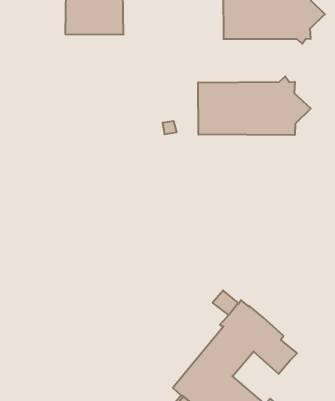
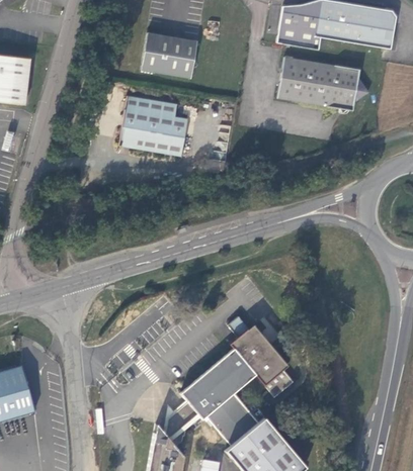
building: none -> [118,95,188,156]
building: [198,76,311,135] -> none

